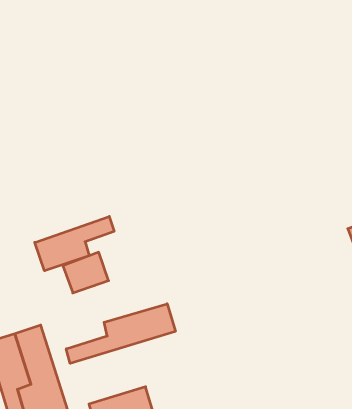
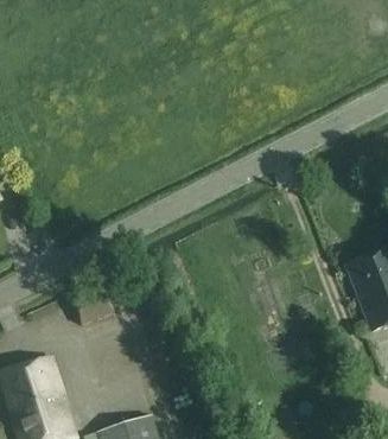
building: [35,216,114,271] -> none
building: [66,304,175,363] -> none

